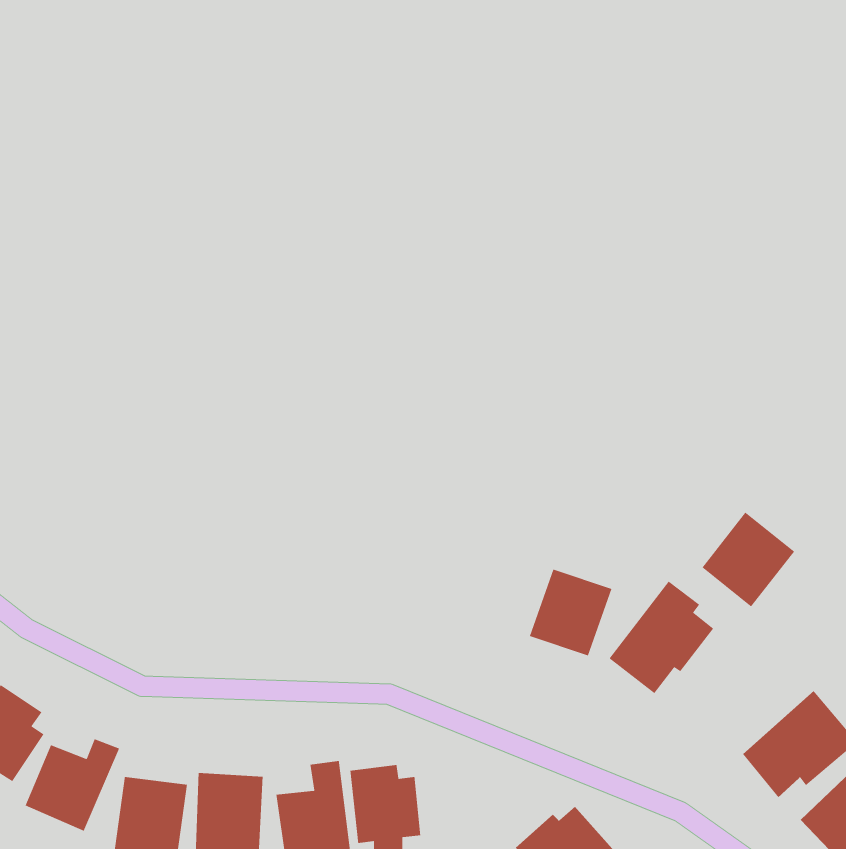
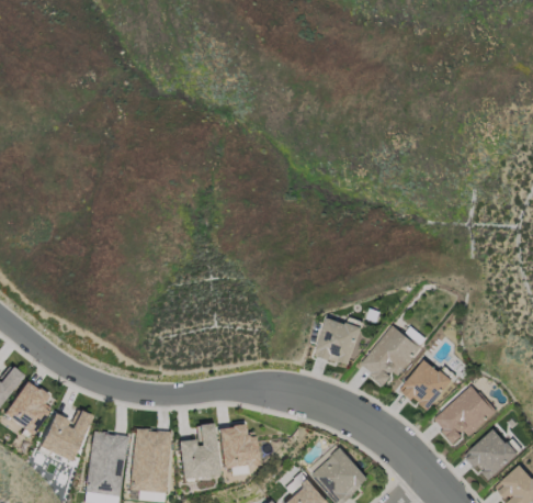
building: [701,512,795,607] -> [401,359,453,412]

